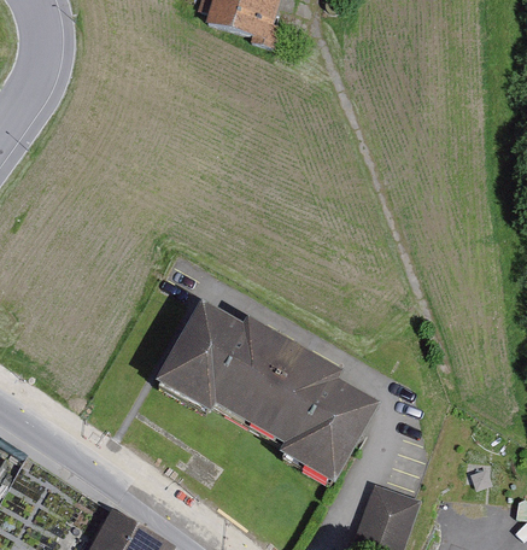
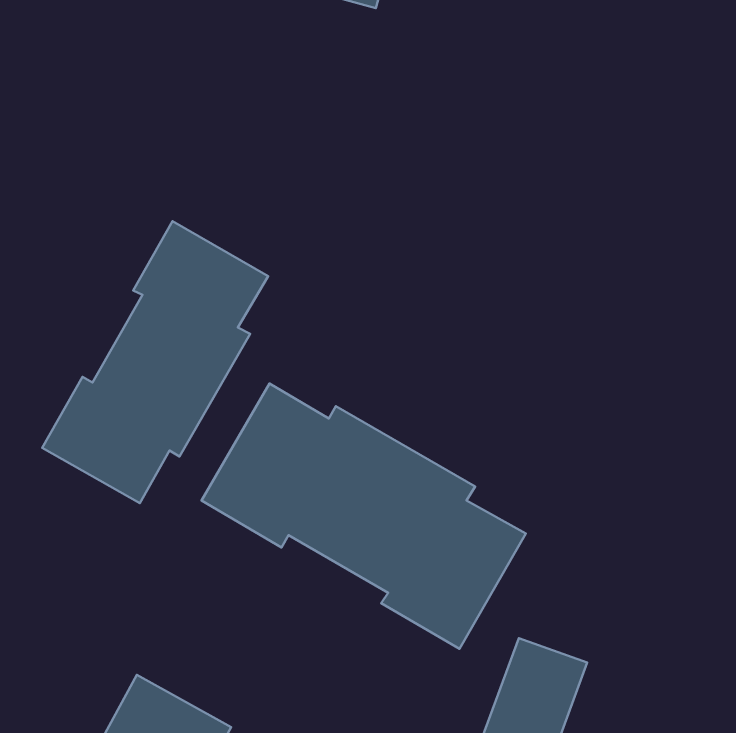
building: none -> [42,221,268,503]

